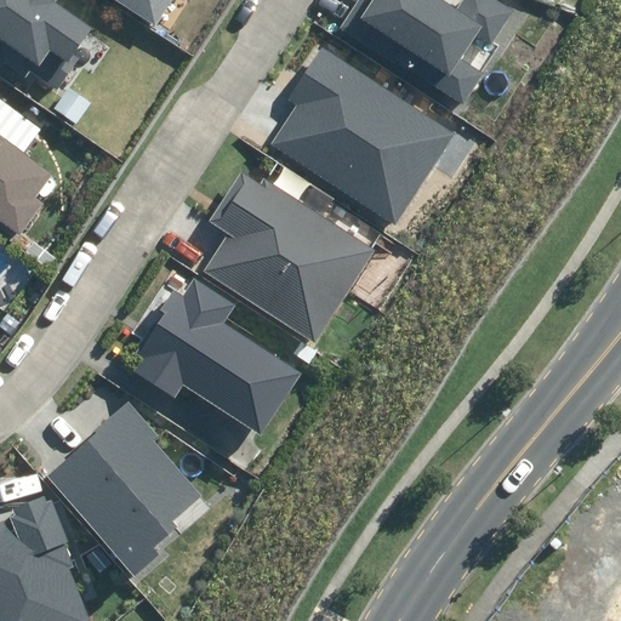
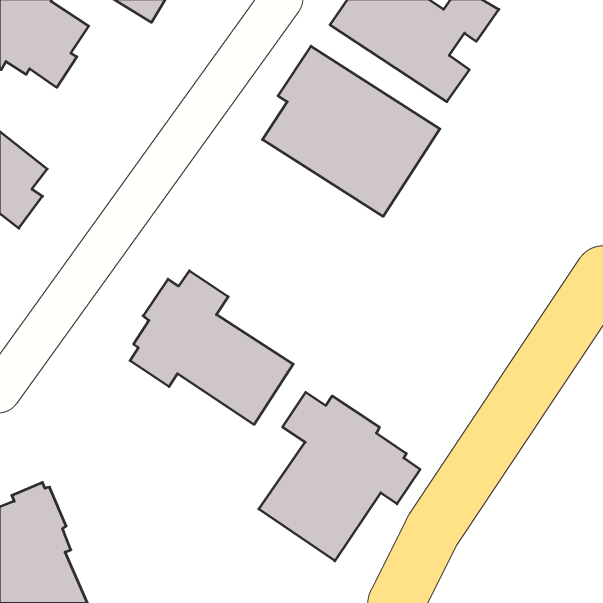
building: [203,172,375,342] -> none
building: none -> [259,392,420,561]
building: [45,403,199,575] -> none

